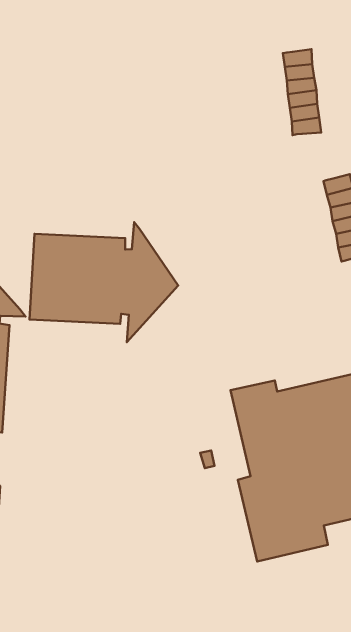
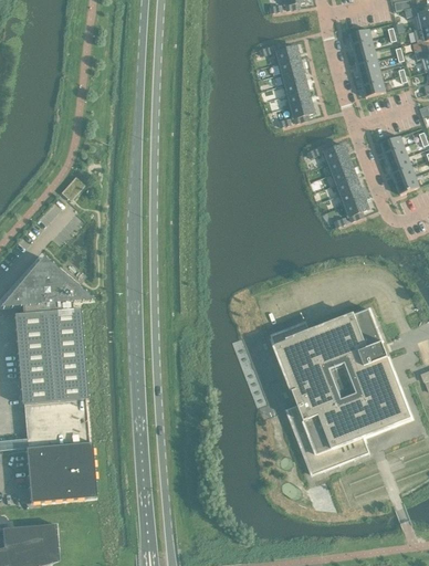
building: [29,222,178,342] -> none

